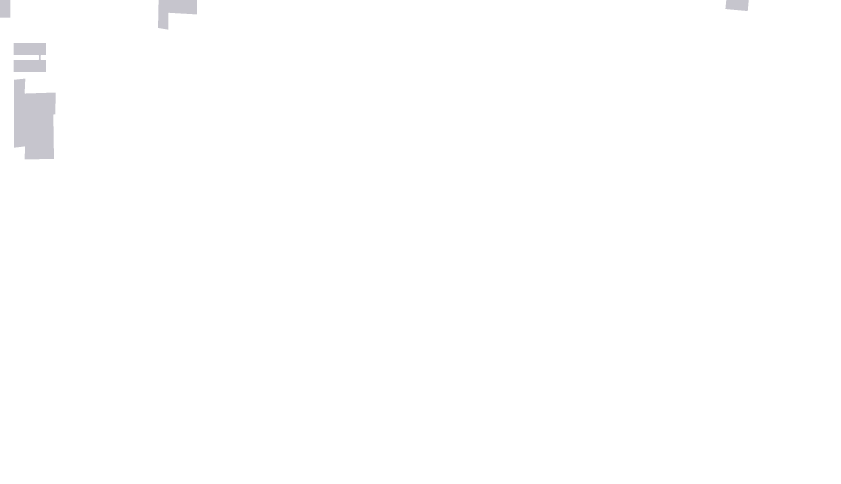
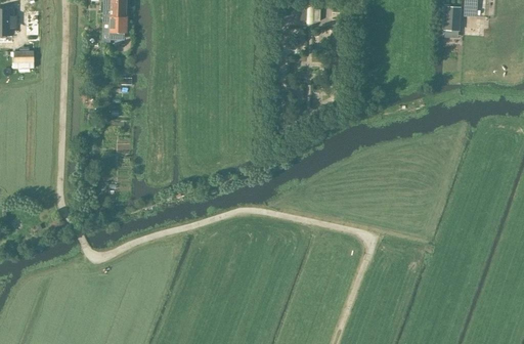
building: [13,78,57,160] -> none

